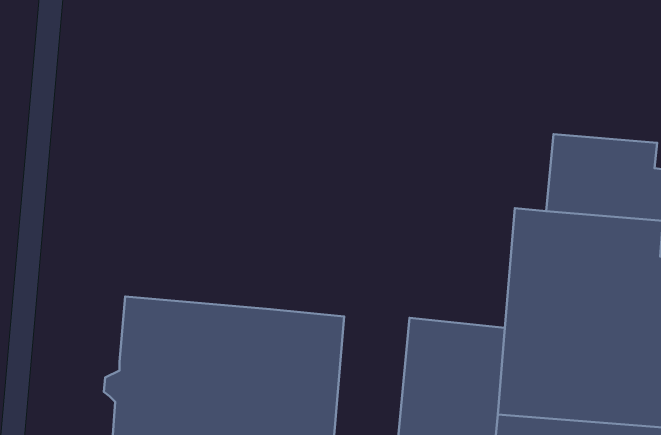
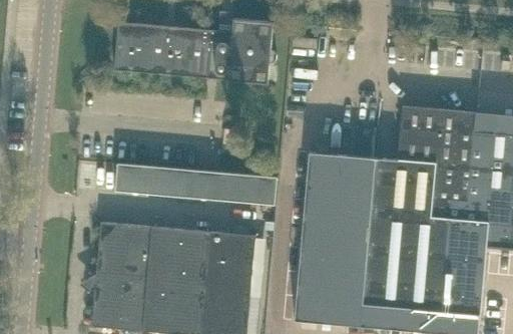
building: none -> [114,17,277,82]
building: none -> [302,151,376,243]
building: none -> [121,154,285,214]

